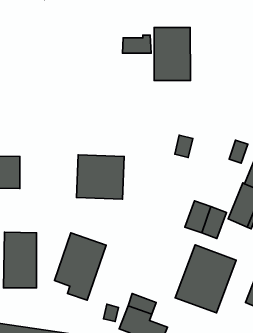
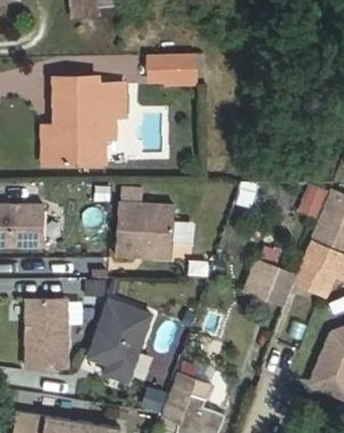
building: [154,27,190,80] -> none
building: none -> [47,77,123,163]
building: [175,245,236,313] -> none

